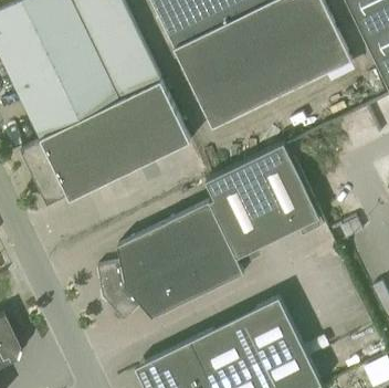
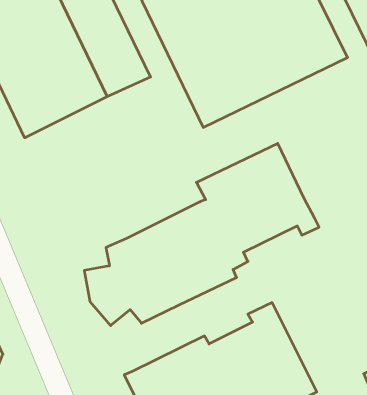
building: [21,82,190,203] -> none

